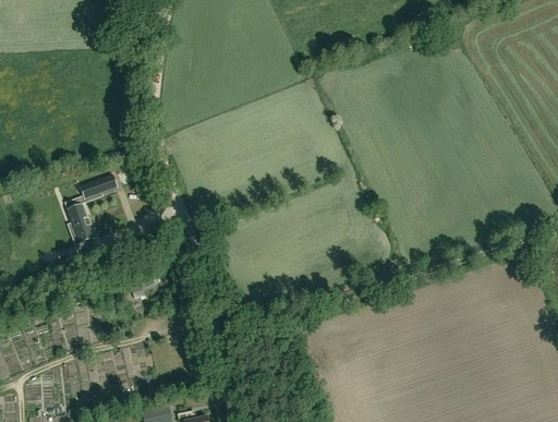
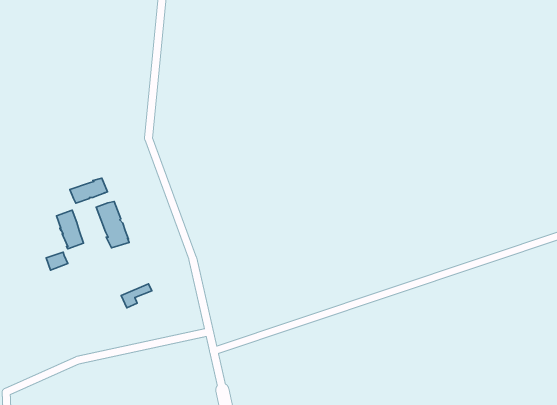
building: none -> [96,201,129,248]

